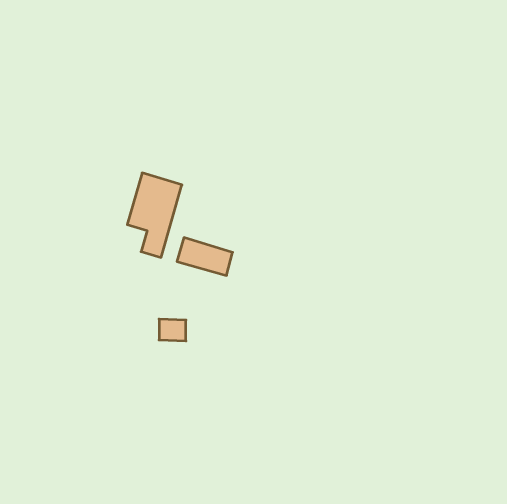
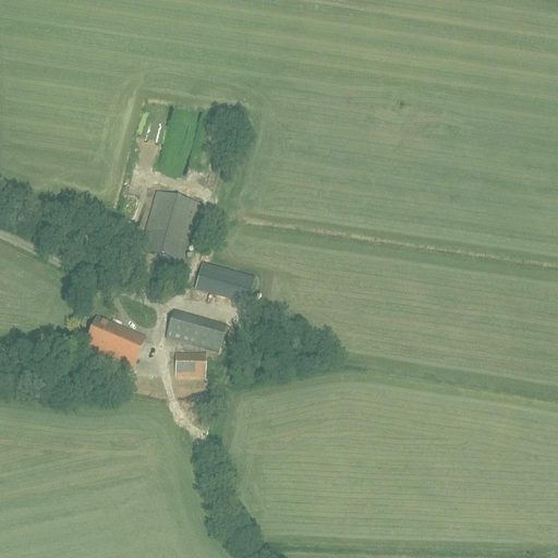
building: none -> [165,308,226,351]
building: none -> [83,315,145,366]

